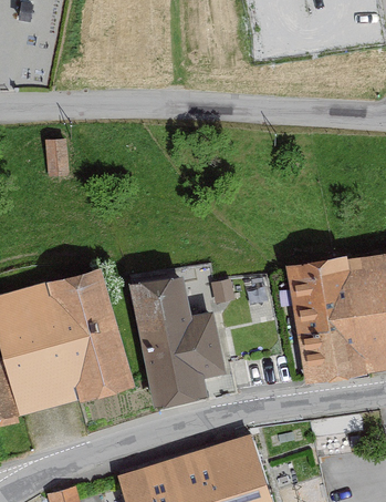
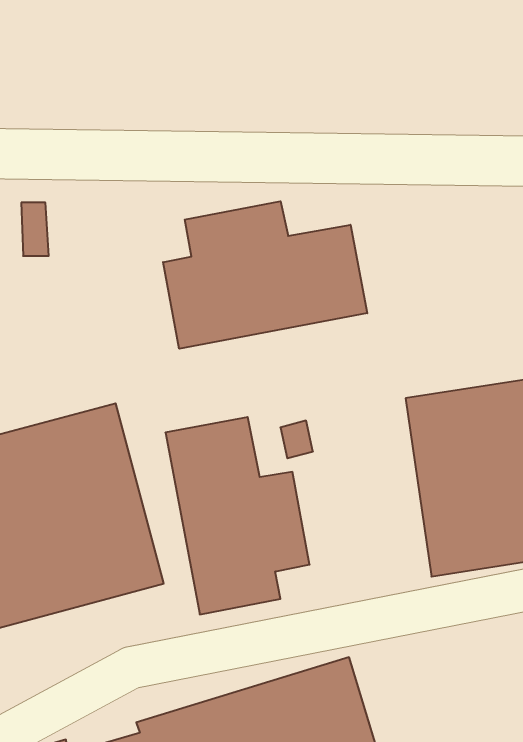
building: none -> [163,201,367,349]

